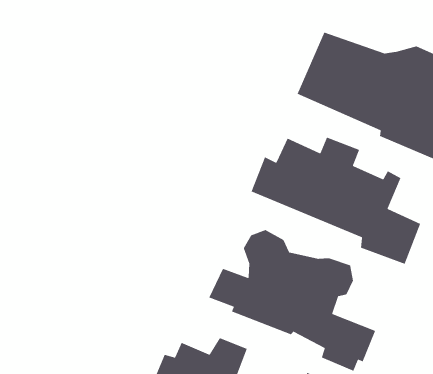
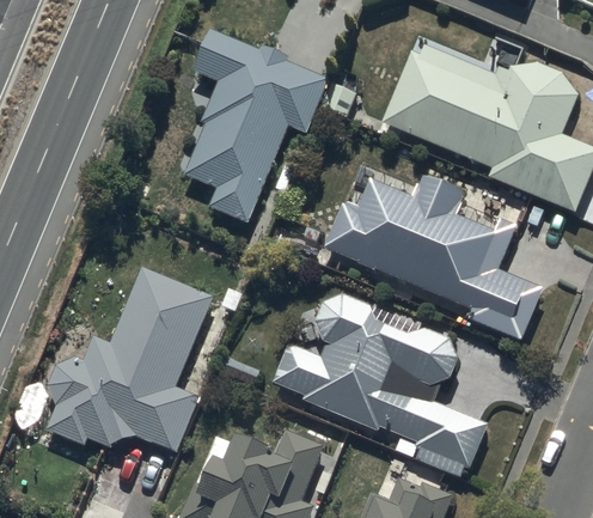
building: none -> [182,20,332,224]
building: none -> [48,267,212,455]

